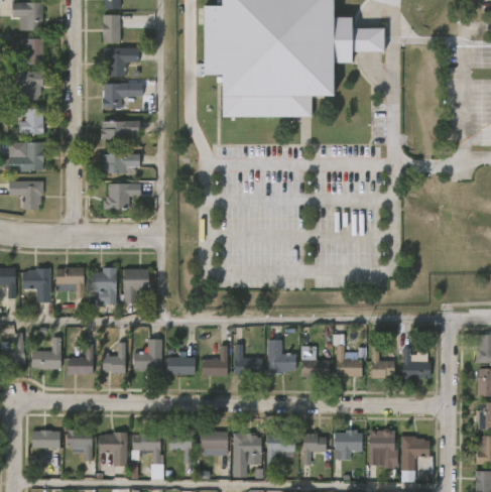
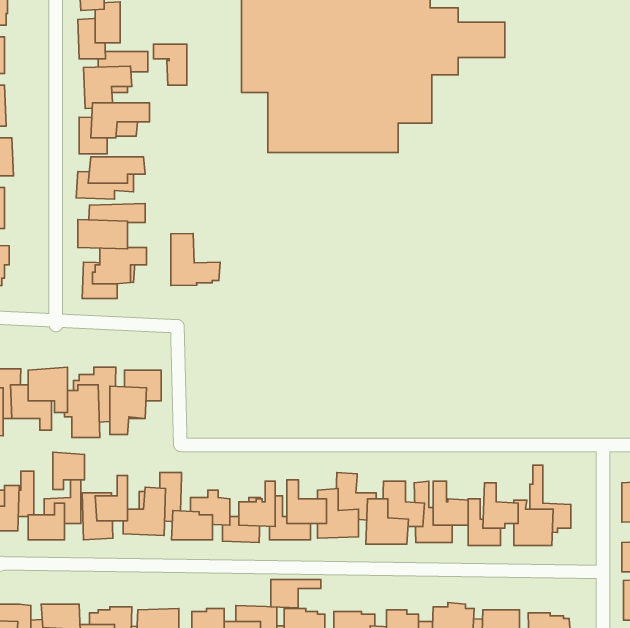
building: none -> [154,44,187,85]
building: none -> [171,233,220,286]
building: none -> [53,452,85,489]
building: none -> [271,579,321,608]

